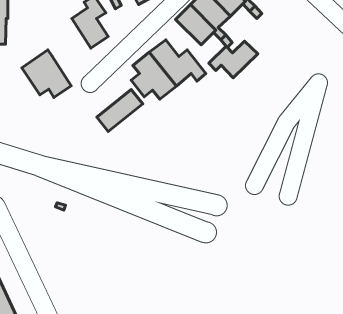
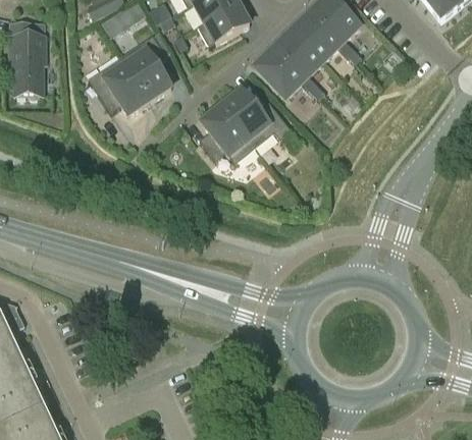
building: [209,41,258,78] -> none
building: [22,50,71,97] -> [88,55,149,114]
building: [97,89,143,131] -> none

